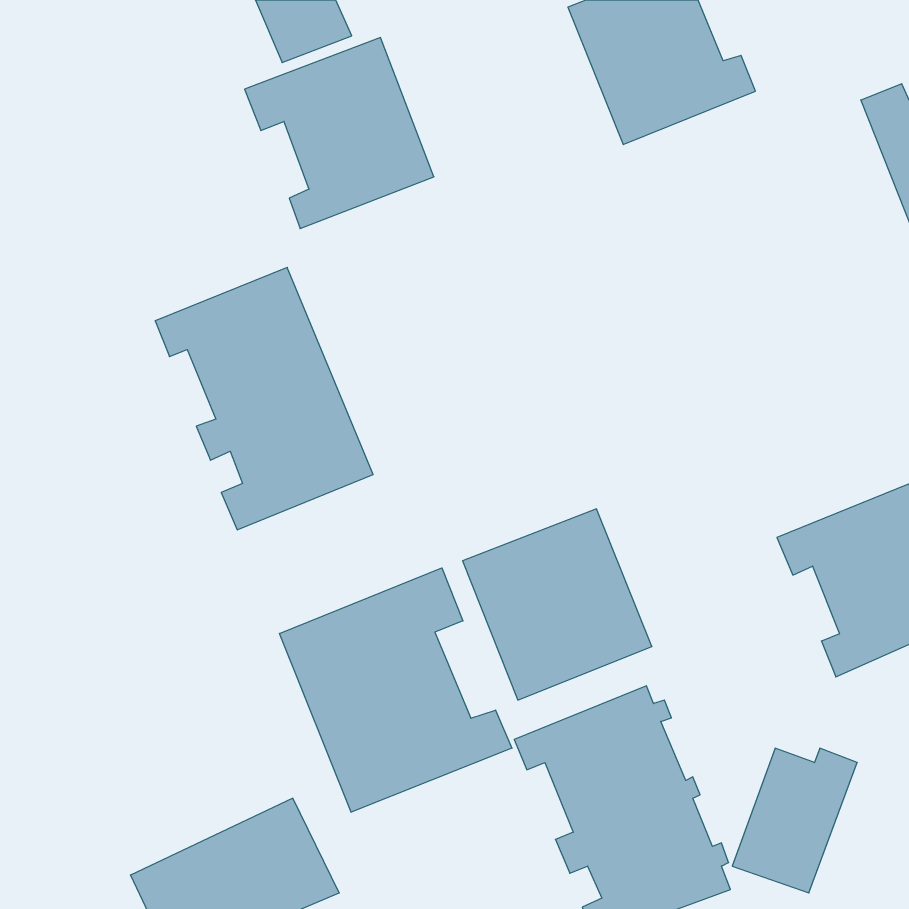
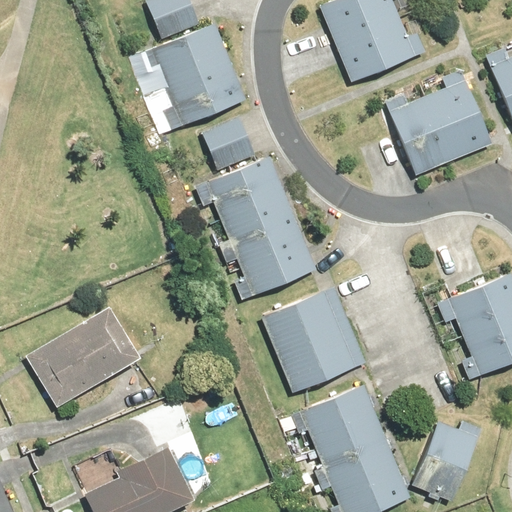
building: none -> [384,69,494,173]
building: none -> [201,116,255,170]
building: [155,267,373,530] -> [195,156,317,303]
building: none -> [24,305,140,408]
building: [280,568,512,812] -> none

